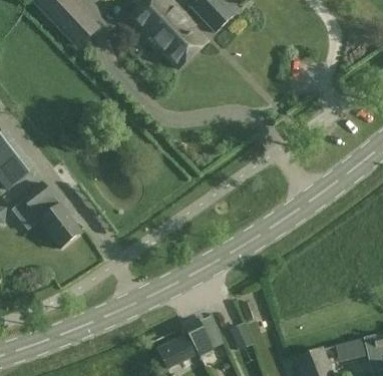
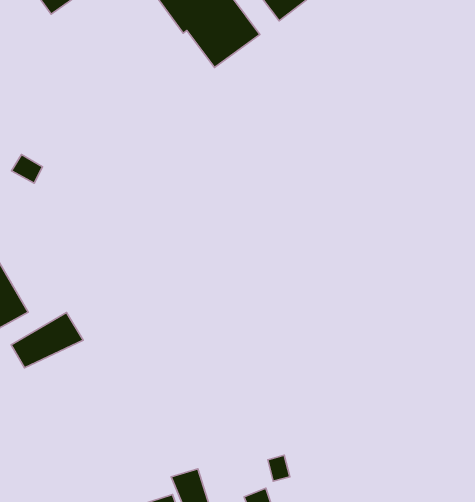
building: none -> [11,313,83,368]

